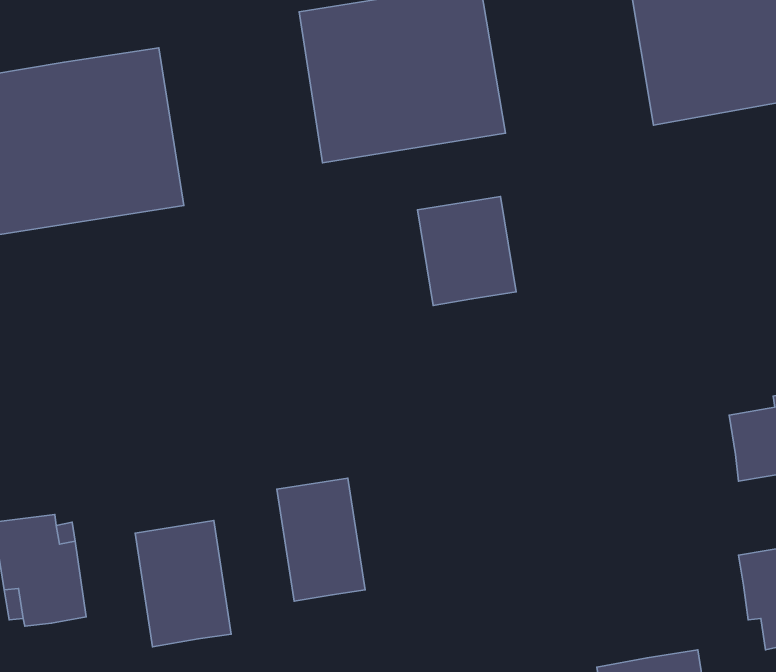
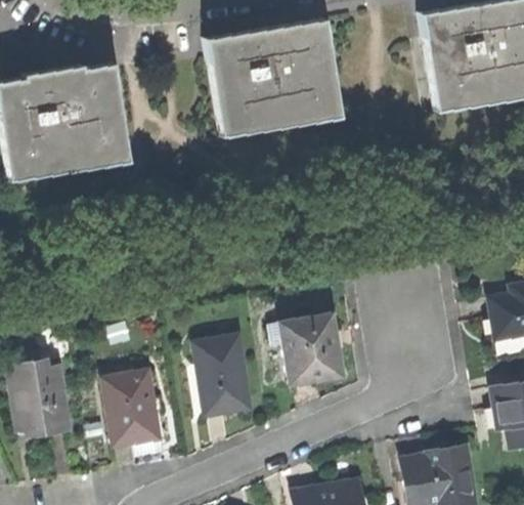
building: [418,196,516,305] -> none
building: none -> [278,318,345,388]

